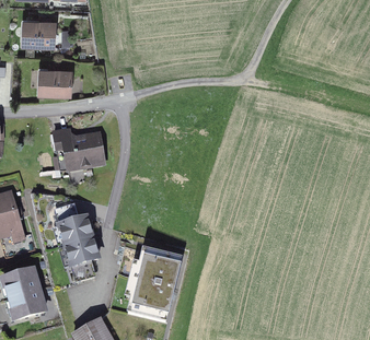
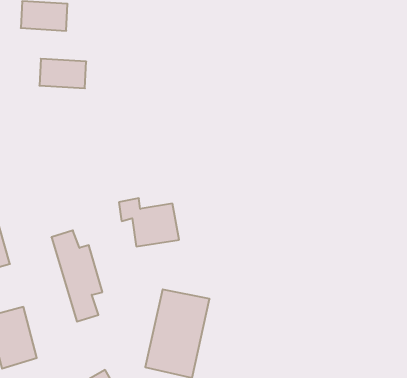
building: [51,129,101,168] -> [119,198,179,246]

